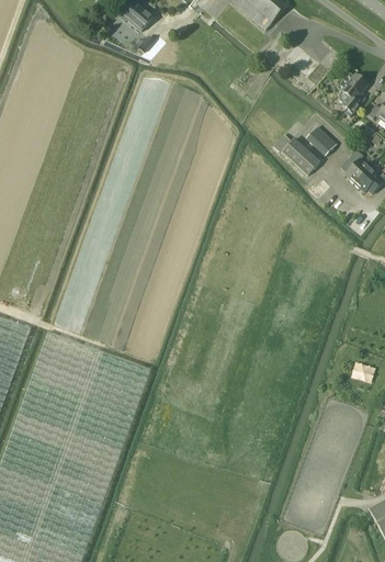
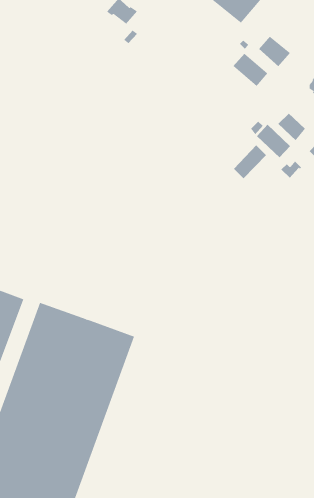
building: none -> [233,53,268,87]
building: none -> [233,145,267,179]

